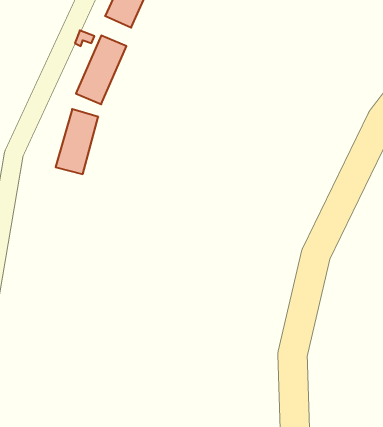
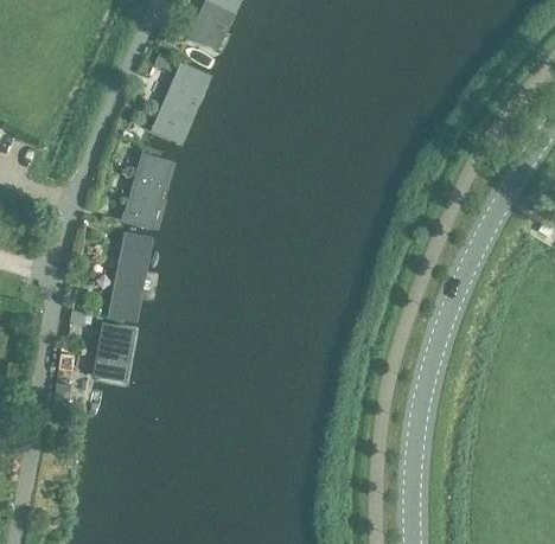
building: none -> [108,231,146,316]
building: none -> [95,322,140,384]

